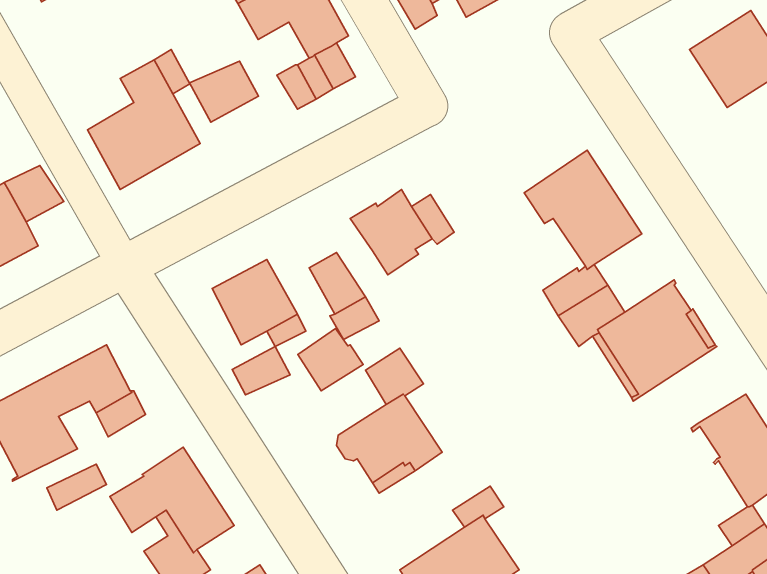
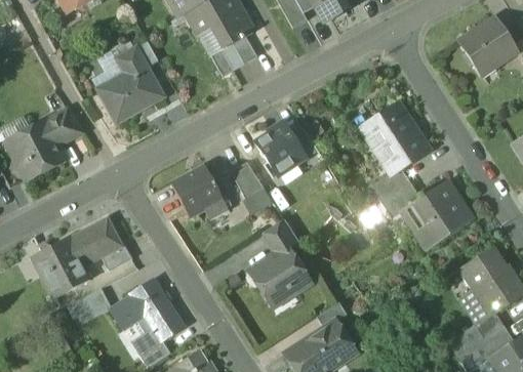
building: [190,61,258,122] -> none
building: [298,328,363,391] -> none
building: [232,346,290,395] -> none

